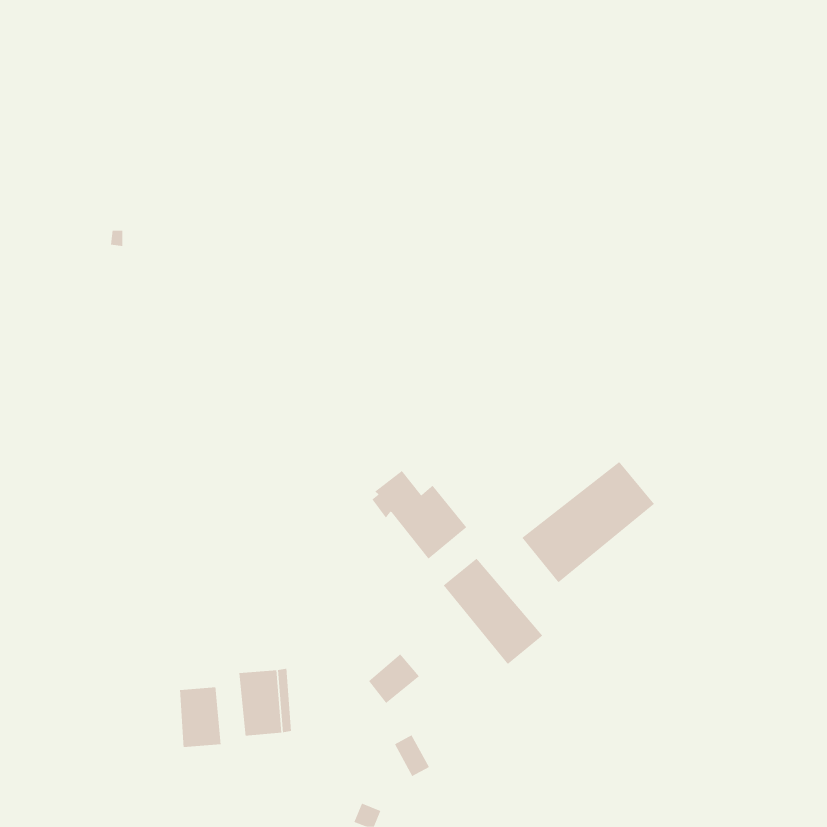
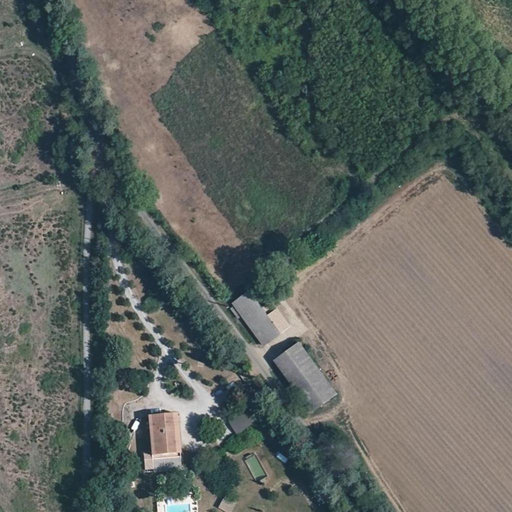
building: [521,461,655,583] -> none
building: [179,686,221,748] -> none

